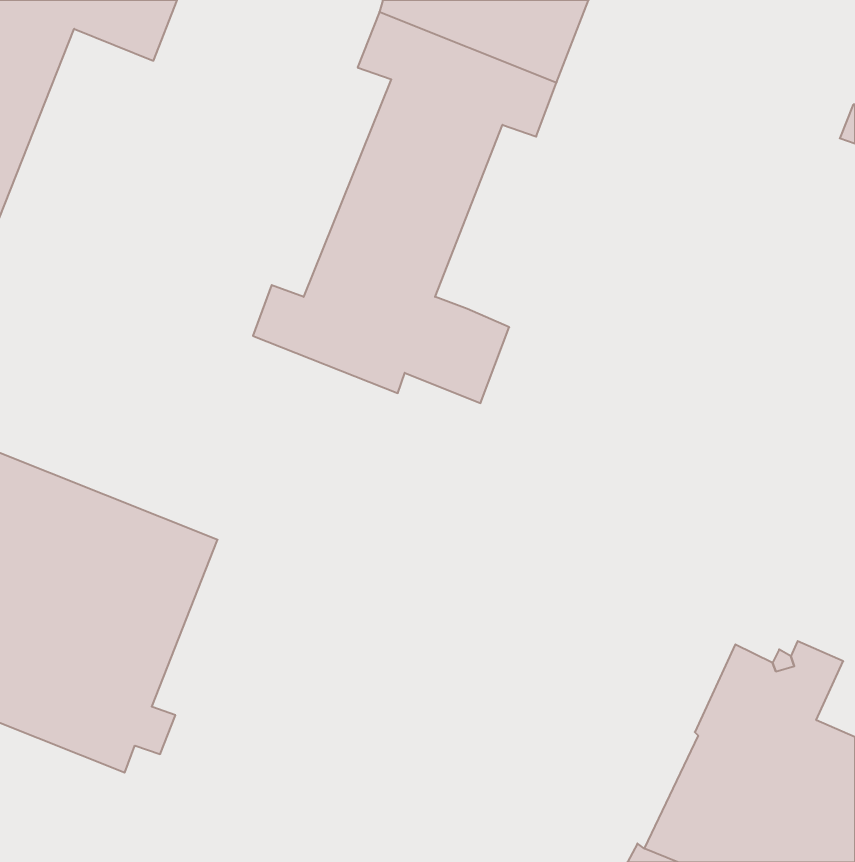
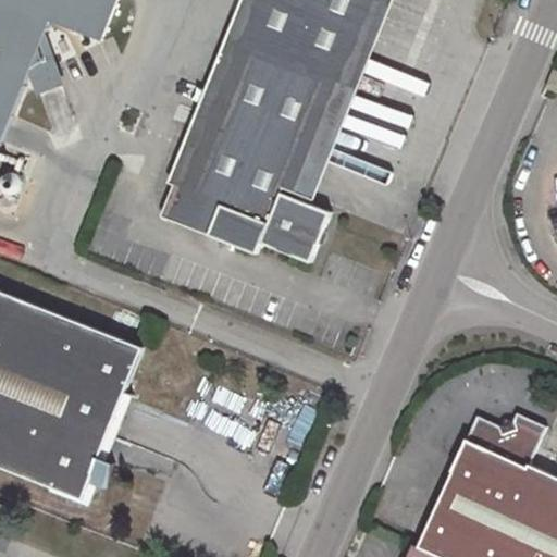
building: none -> [175,44,252,191]
building: none -> [281,81,346,199]

